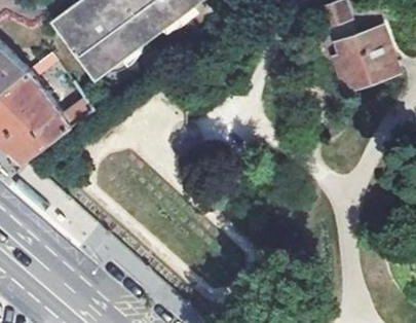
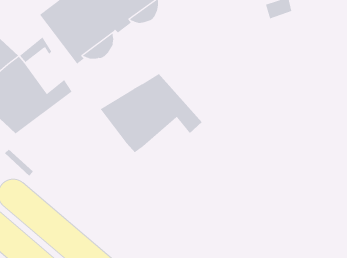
building: [333,29,394,89] -> none
building: none -> [100,73,202,153]

